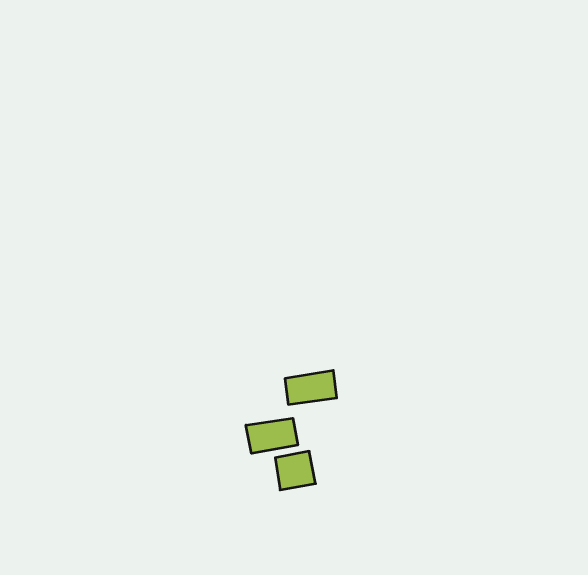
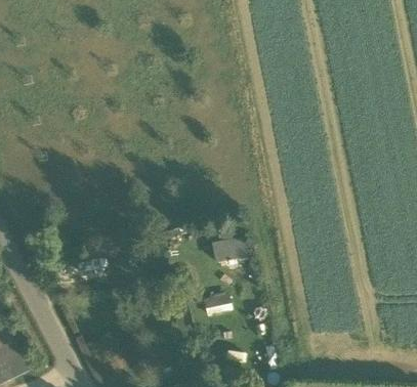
building: [246,418,298,453] -> none

